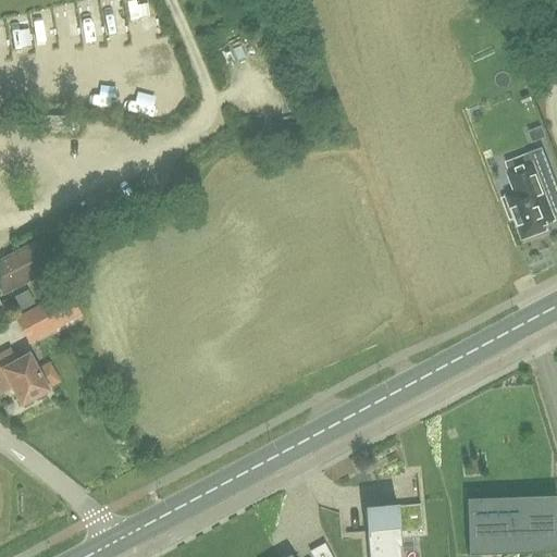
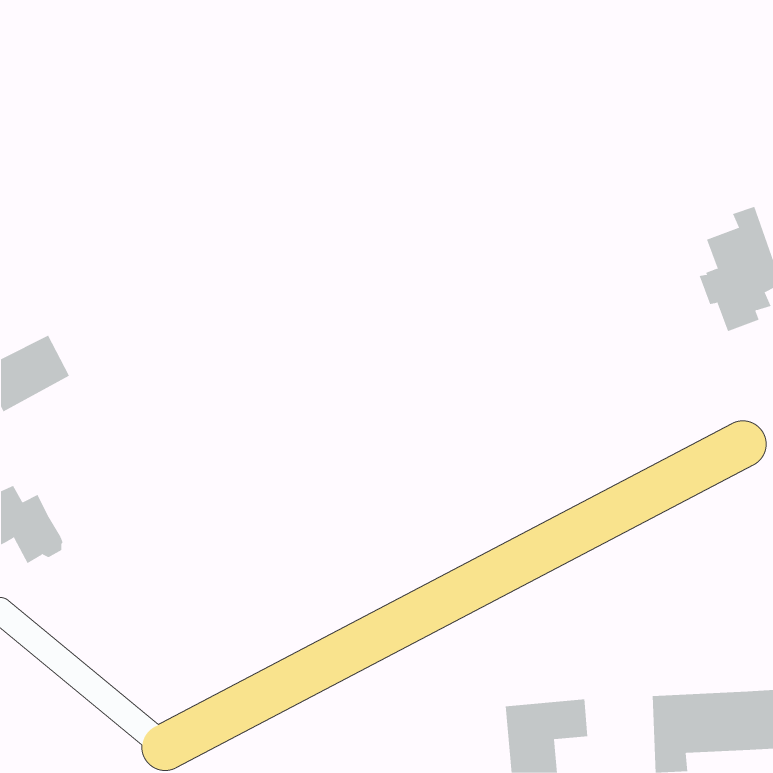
building: [14,301,58,344] -> none

